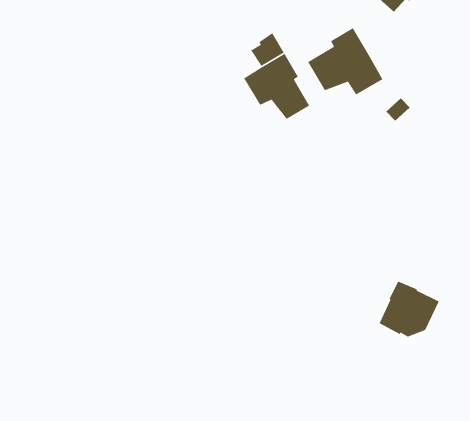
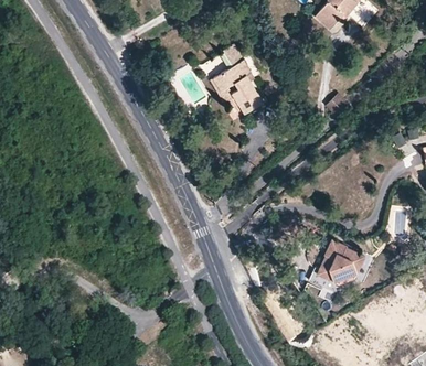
building: [307,27,384,95] -> none

